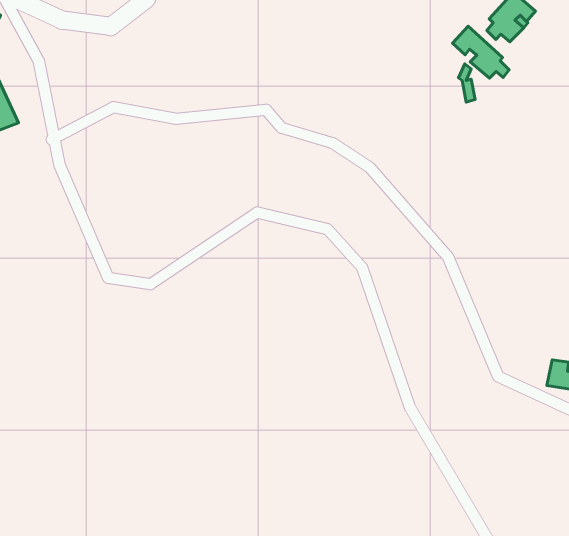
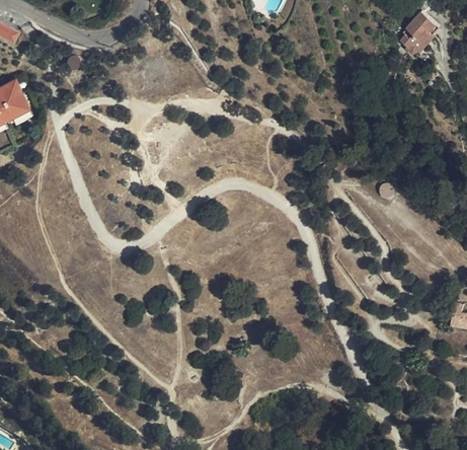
building: [452,26,509,78] -> none

